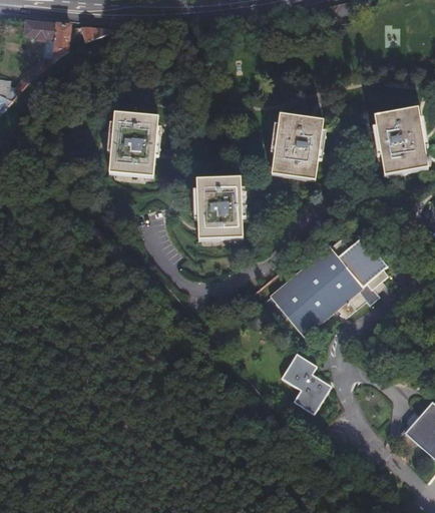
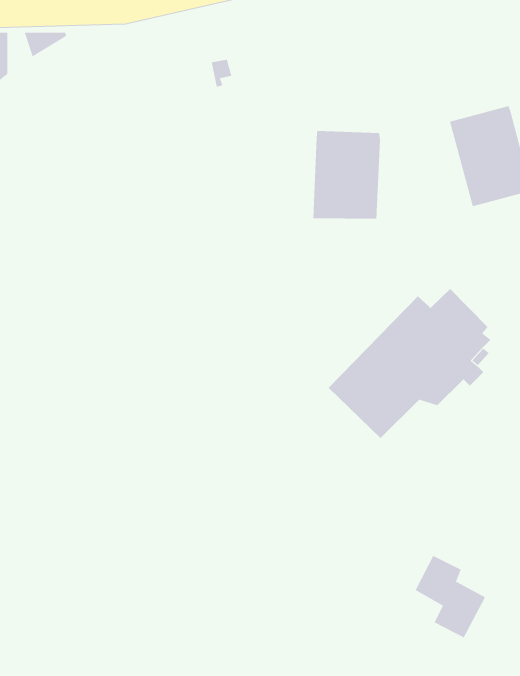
building: [107,113,157,178] -> none
building: [194,177,242,239] -> none
building: [282,352,331,412] -> [415,555,486,638]

